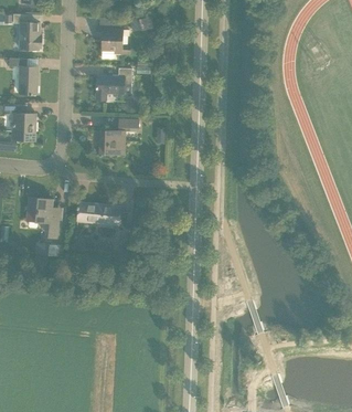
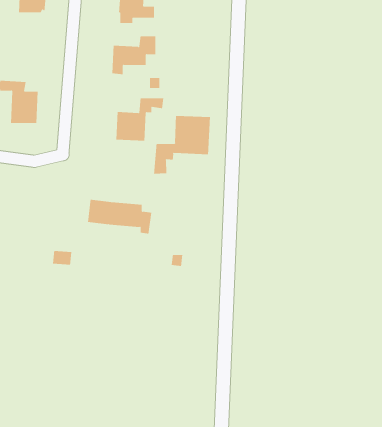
building: [9,57,38,95] -> none
building: none -> [153,115,210,174]
building: [26,197,61,237] -> none

